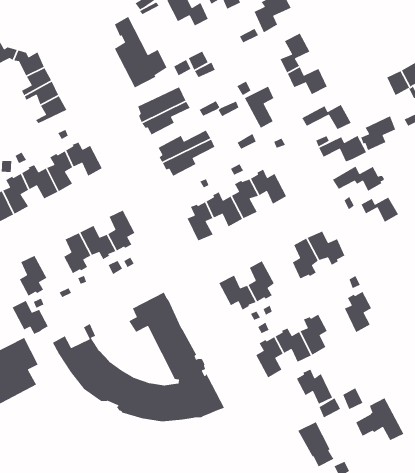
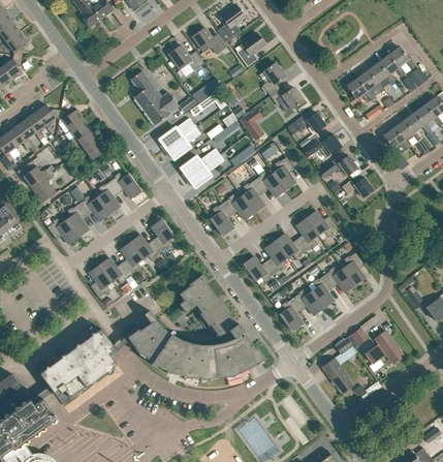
building: [360,115,396,151] -> none
building: none -> [273,157,295,189]
building: none -> [274,233,305,259]
building: [11,300,49,335] -> [99,257,130,283]
building: [296,369,333,405] -> [323,266,354,292]

